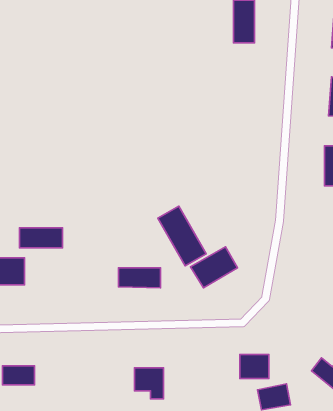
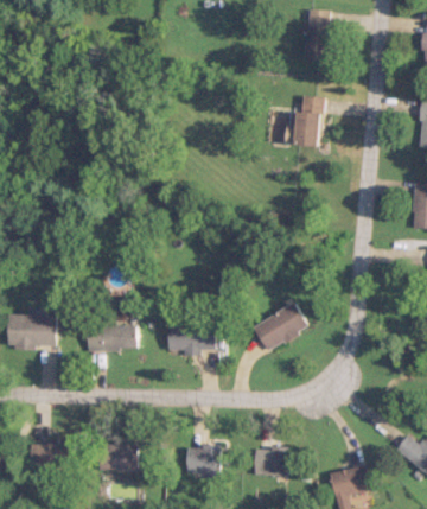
building: none -> [298,96,320,146]
building: [158,206,206,266] -> none
building: [19,228,62,248] -> [85,326,136,350]
building: [240,355,269,379] -> [255,447,289,476]
building: none -> [97,445,138,470]

